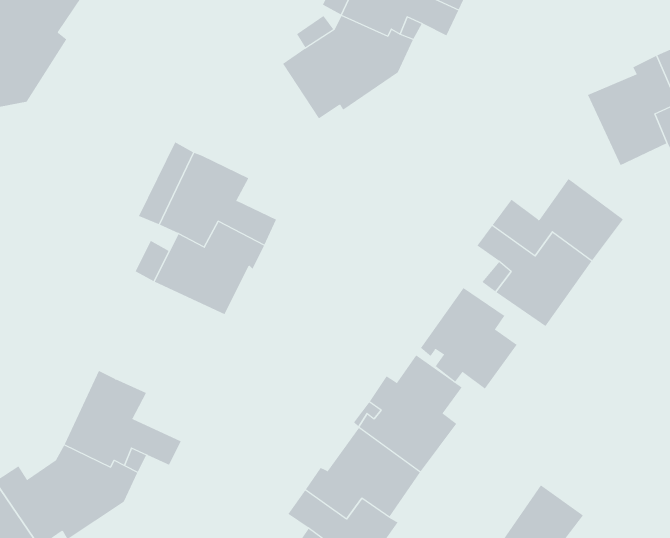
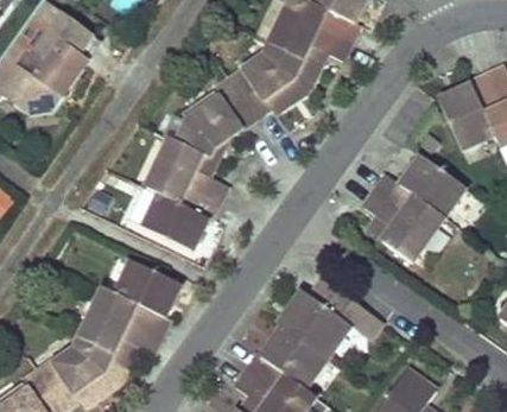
building: none -> [176,80,255,158]
building: [420,287,518,390] -> none
building: none -> [116,264,180,338]

